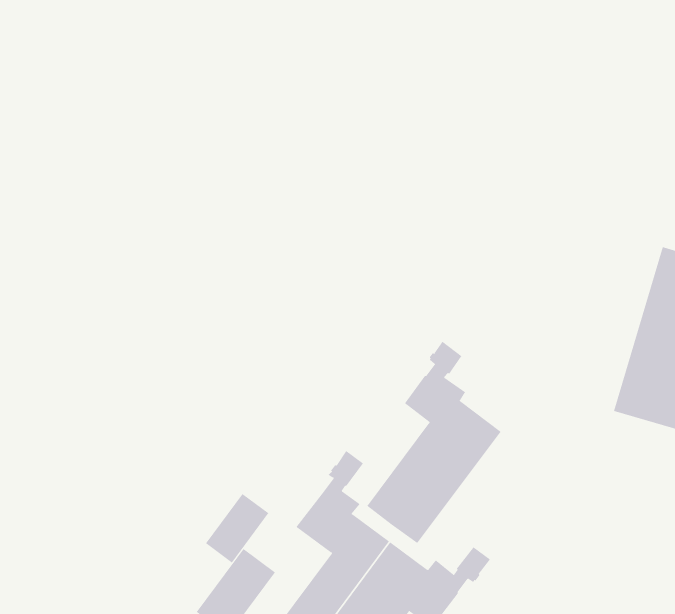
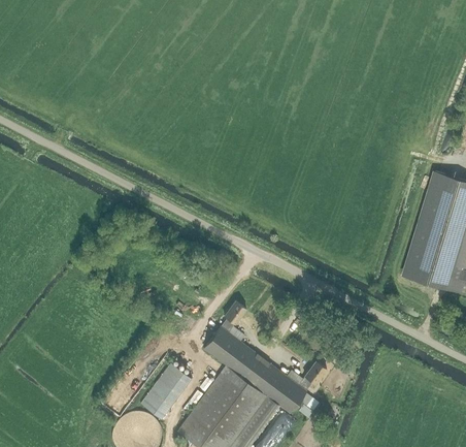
building: [366,341,502,544] -> none
building: [205,493,269,563] -> none

